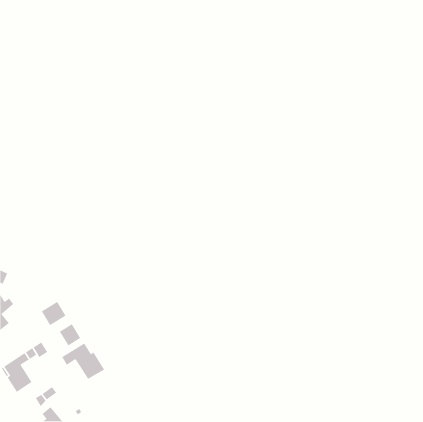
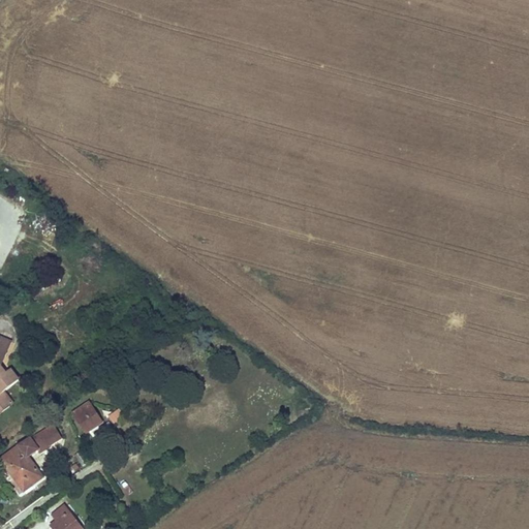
building: [41,301,66,326] -> none
building: [61,343,105,380] -> none

